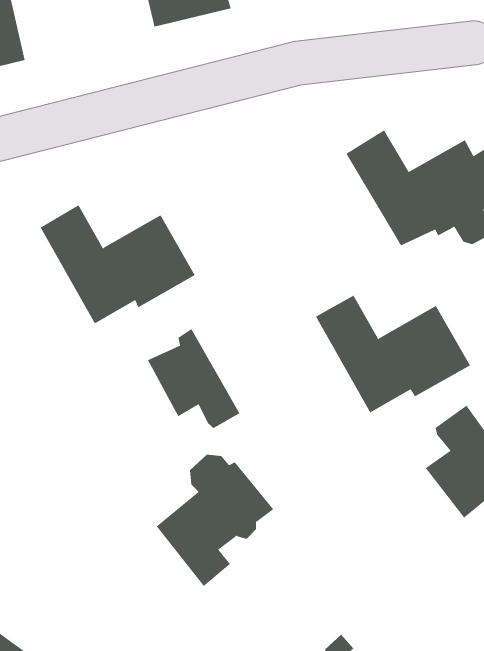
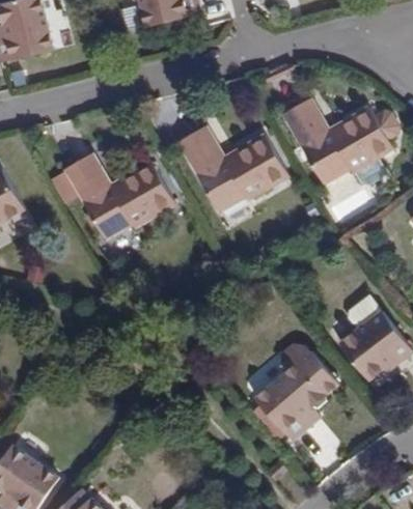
building: [315,295,471,413] -> [178,126,291,211]
building: [147,328,240,429] -> none
building: [156,454,274,587] -> [254,345,339,441]

